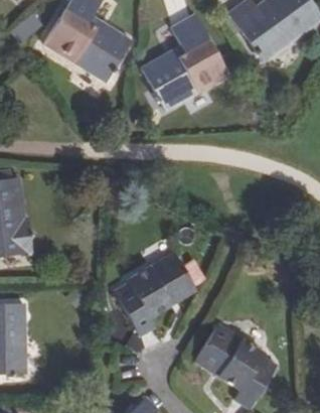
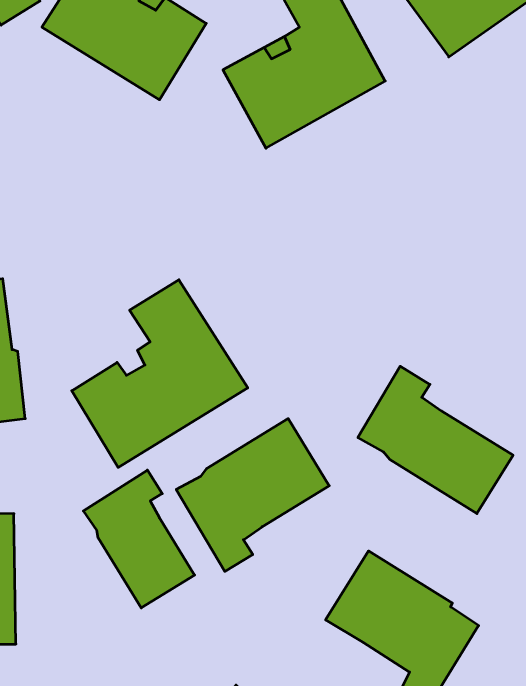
building: none -> [72,280,248,467]
building: none -> [358,366,513,514]
building: none -> [83,470,195,608]

